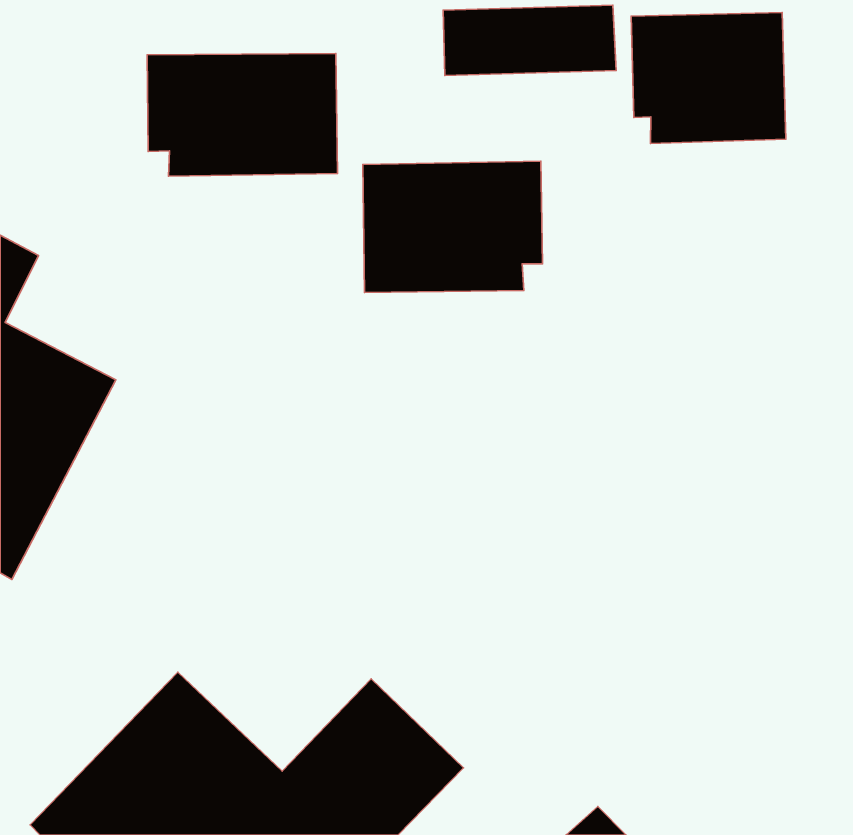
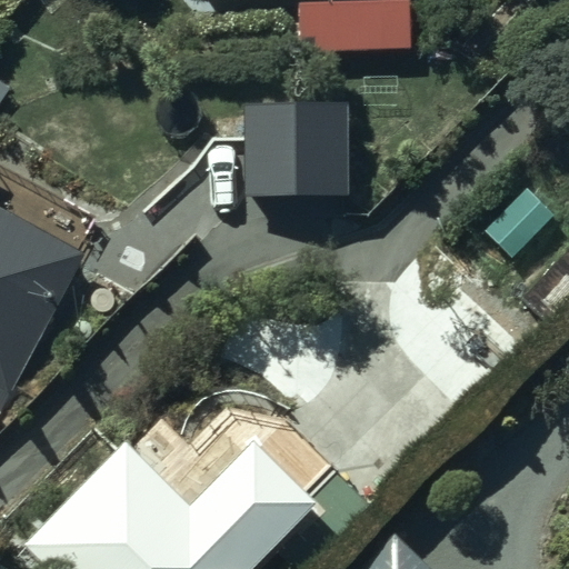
building: [631,13,786,144] -> none
building: [147,53,337,176] -> none

